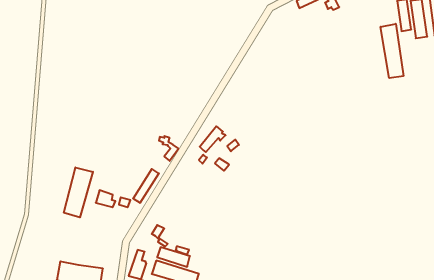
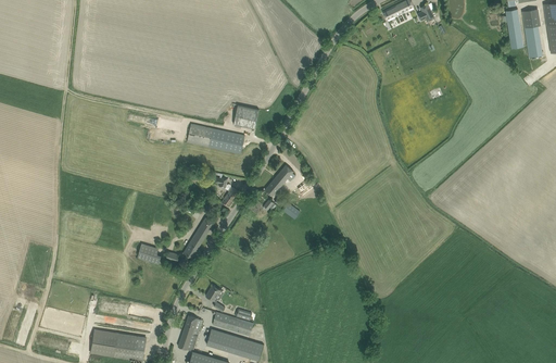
building: [381,24,403,78] -> none
building: none -> [232,104,258,128]
building: none -> [186,124,244,153]
building: [64,167,93,217] -> none

